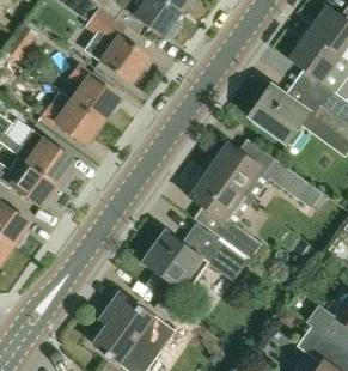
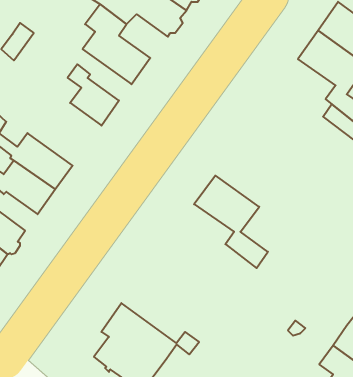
building: [248,84,309,144] -> none
building: [39,92,100,146] -> none
building: [209,144,320,209] -> none
building: [142,229,248,296] -> none

